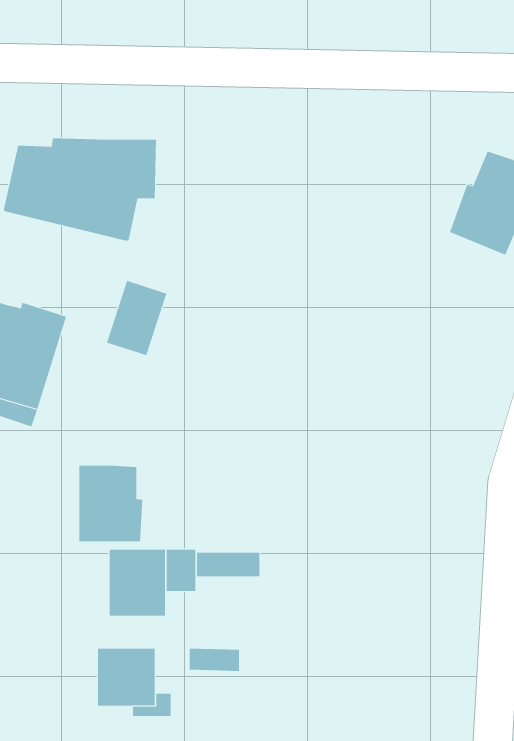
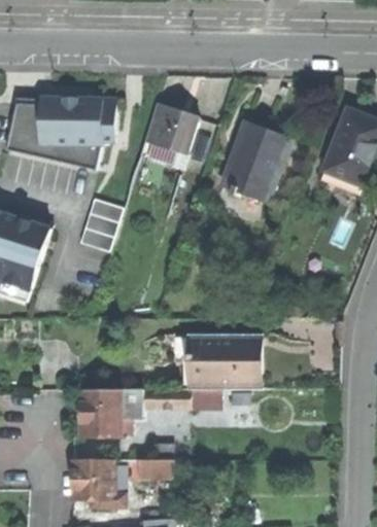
building: none -> [138,97,199,162]
building: none -> [224,116,290,200]
building: [79,465,143,542] -> none
building: none -> [173,333,254,388]

